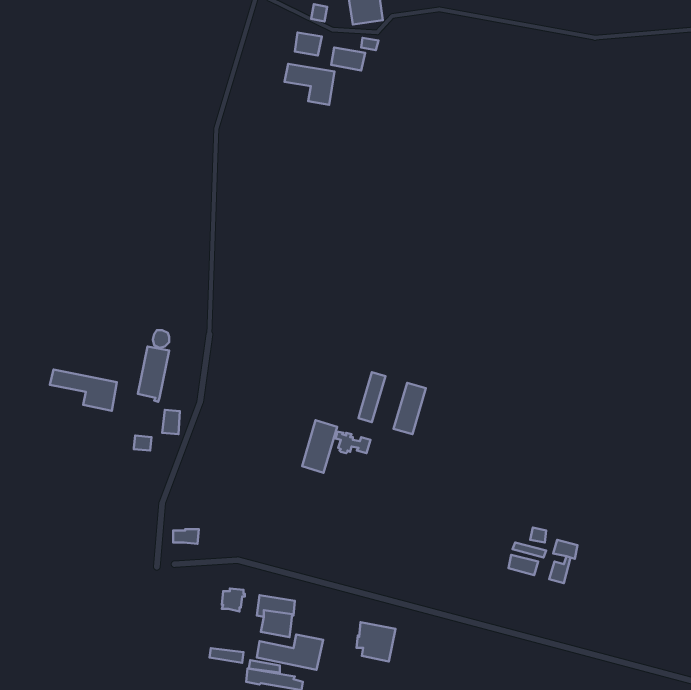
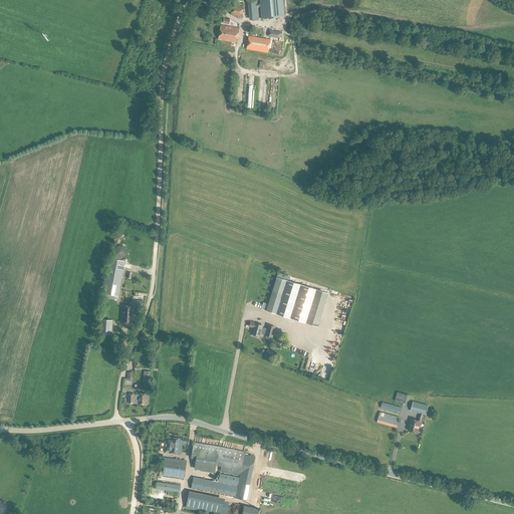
building: [285,64,334,105] -> none
building: [50,370,117,411] -> none
building: [302,420,337,473] -> [276,279,302,318]
building: none -> [162,457,187,478]
building: [356,622,396,661] -> [216,446,245,475]

